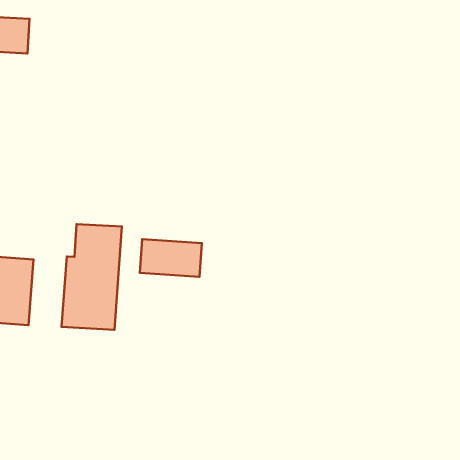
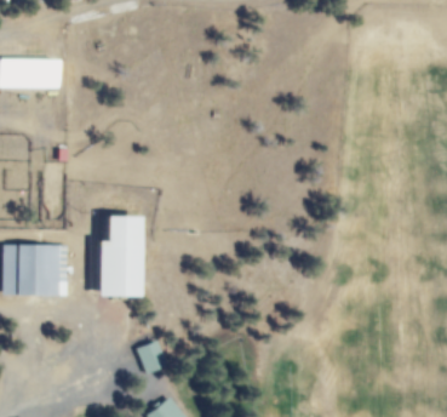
building: [140,239,202,277] -> none
building: none -> [139,339,170,373]

